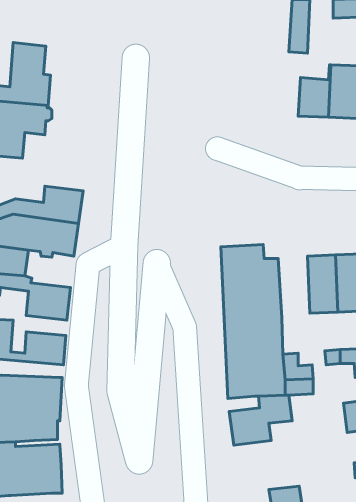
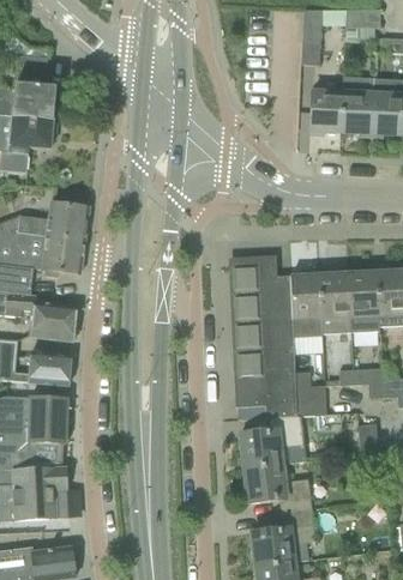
building: none -> [289,273,321,337]
building: none -> [243,463,311,513]

